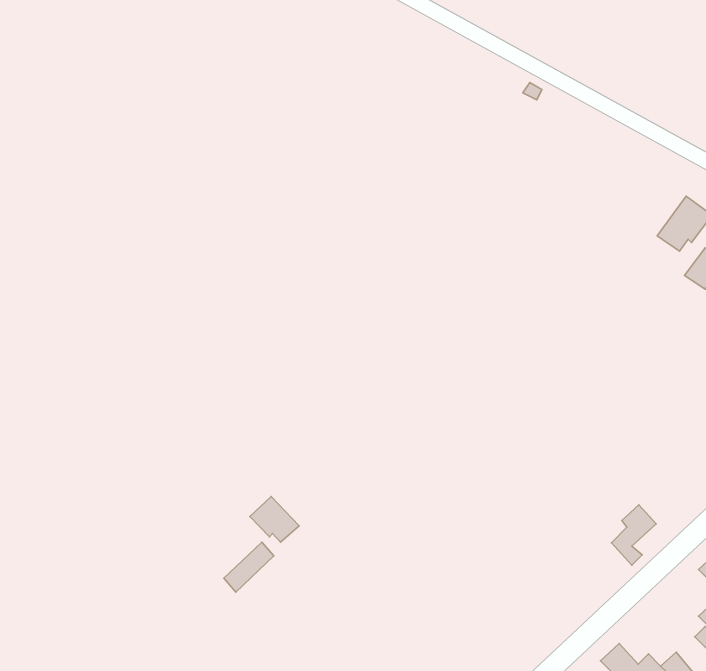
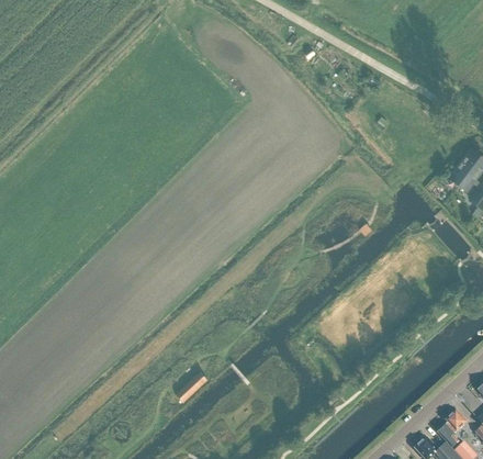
building: [250,496,299,542] -> none
building: [611,505,656,565] -> [439,408,468,447]

